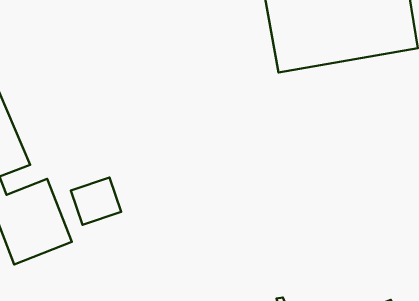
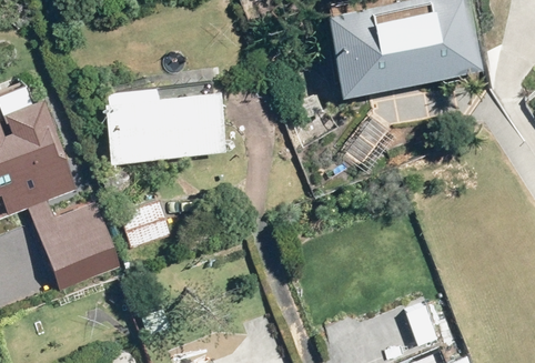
building: none -> [102,88,226,167]

